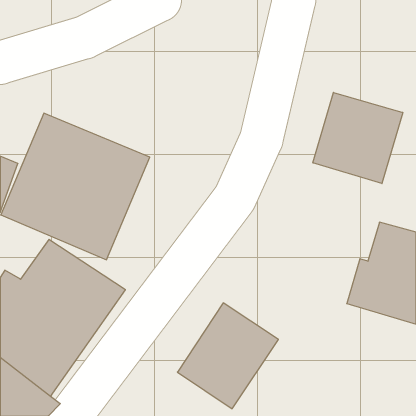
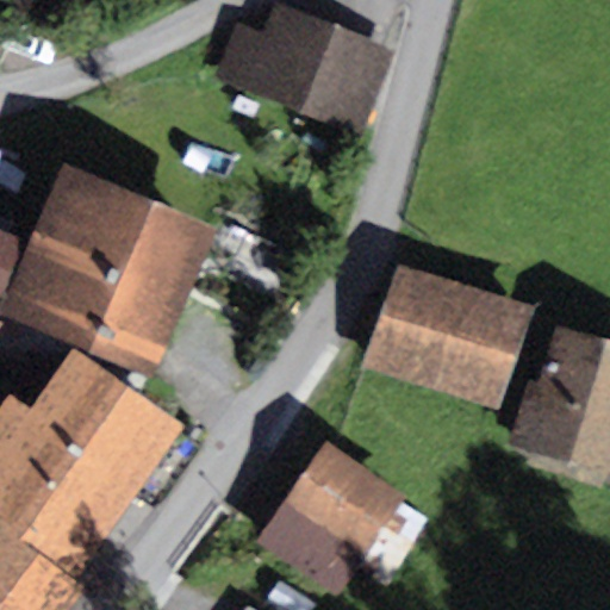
building: none -> [214,5,393,133]
building: [313,92,403,184] -> none
building: none -> [362,263,529,407]

